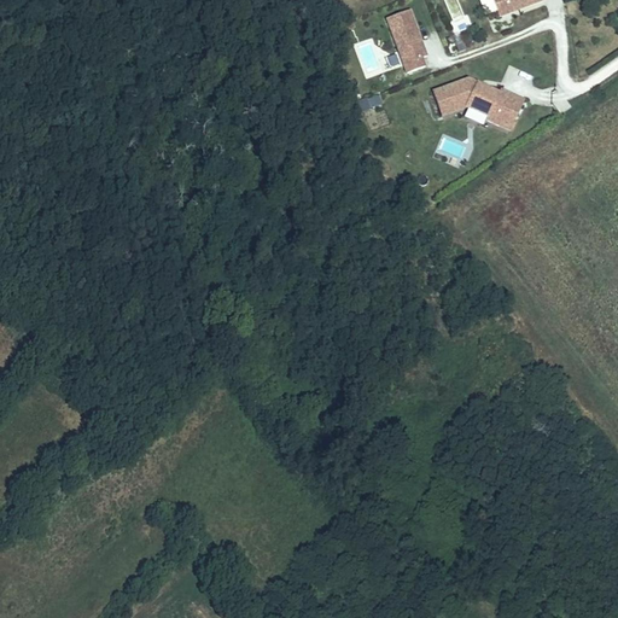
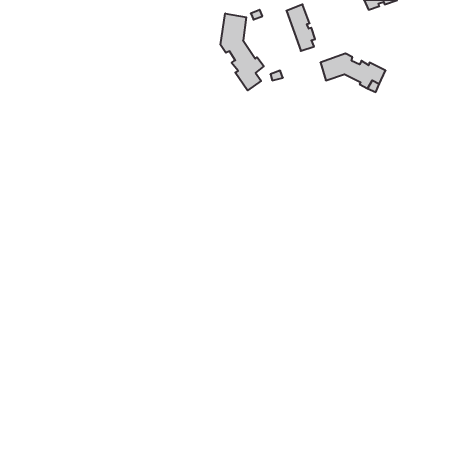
building: none -> [220,13,264,90]

